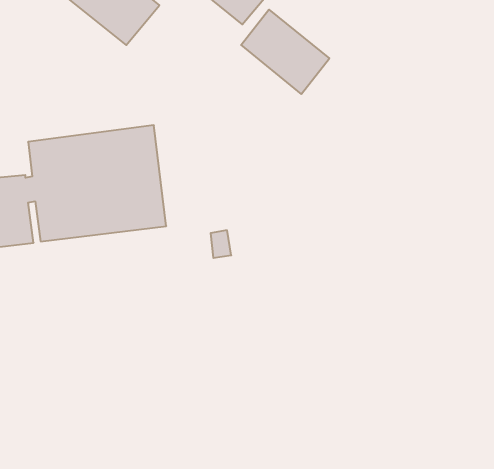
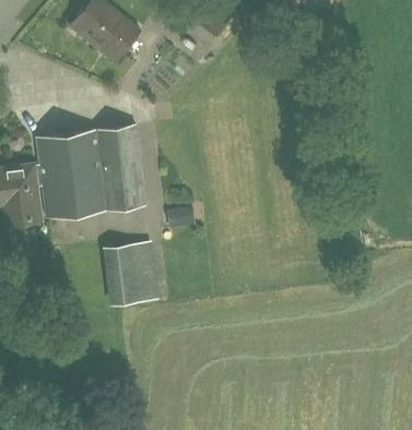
building: [241,10,329,94] -> none
building: none -> [104,242,158,303]

